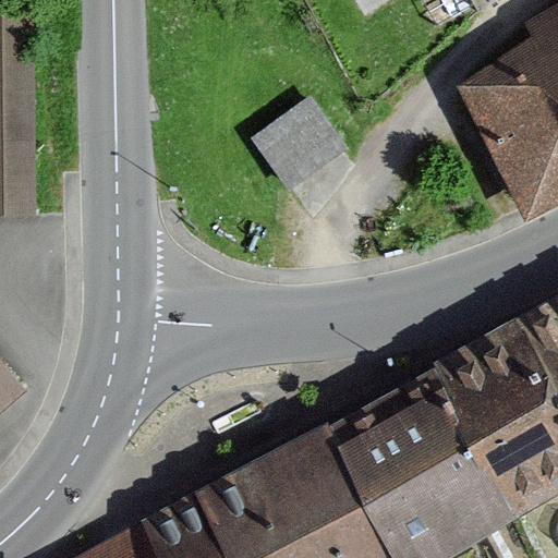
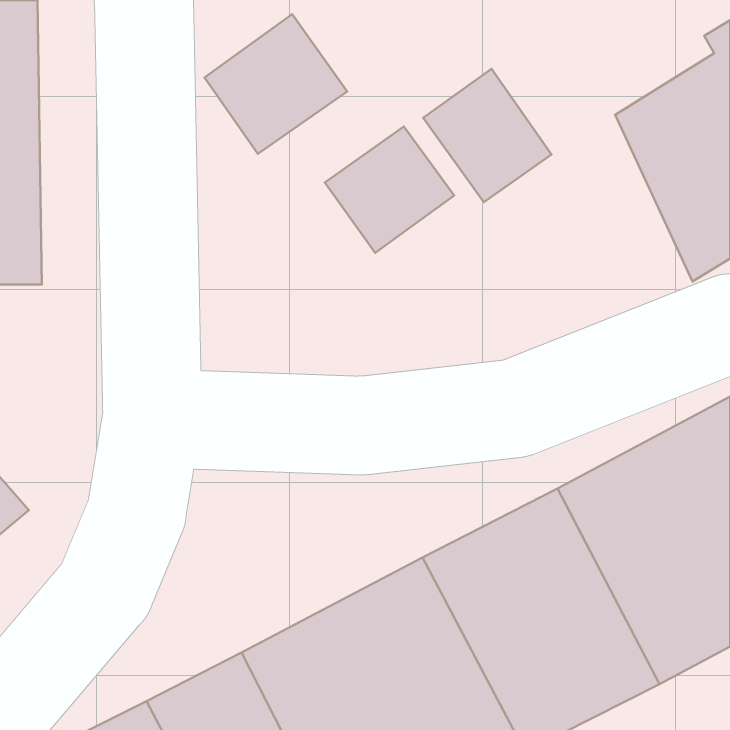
building: none -> [204,14,347,154]
building: none -> [423,69,552,202]

